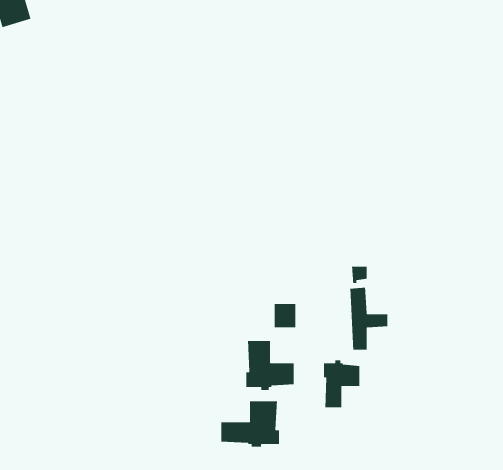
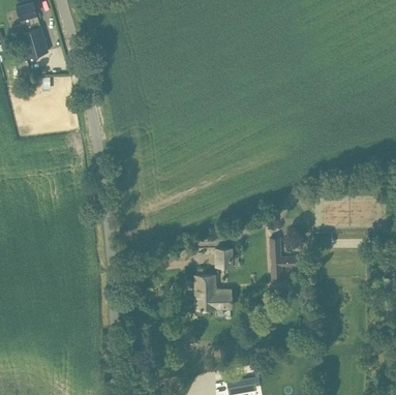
building: [323,360,360,408] -> none
building: [220,401,280,448] -> none

